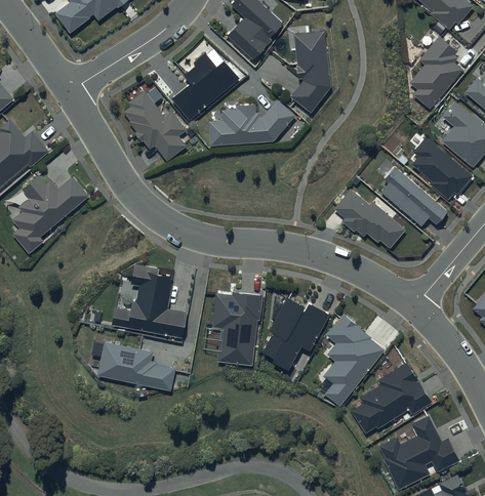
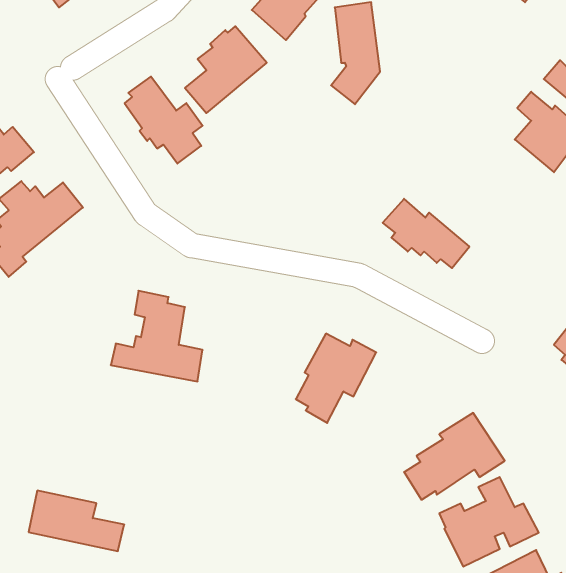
building: [410,35,462,107] -> none
building: [208,99,296,147] -> none
building: [412,137,474,200] -> none
building: [381,166,447,226] -> none
building: [211,292,262,365] -> none
building: [324,315,387,407] -> none
building: [97,341,175,390] -> [29,491,124,551]

